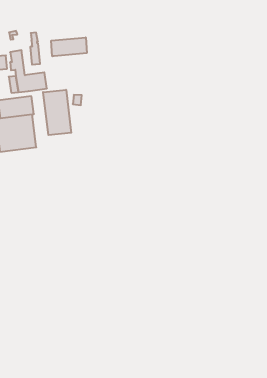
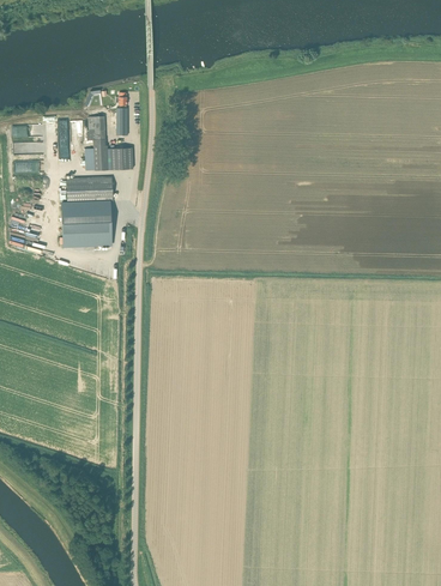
building: [51,37,87,56] -> none
building: [43,90,71,135] -> none

